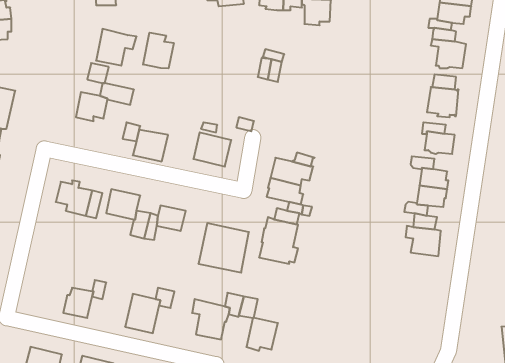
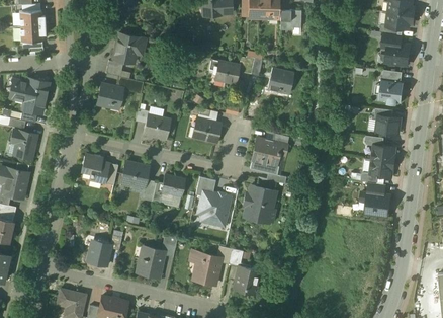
building: [143,33,174,68] -> none
building: none -> [214,61,239,83]
building: none -> [268,68,293,92]

